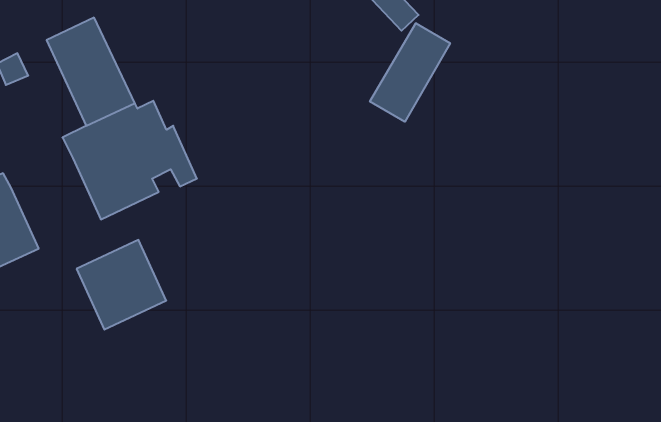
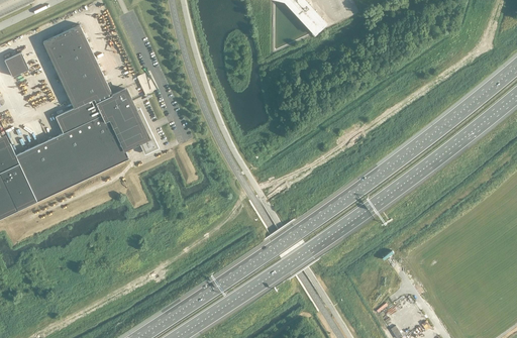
building: [370,23,450,122] -> none
building: [77,240,166,330] -> [15,133,84,202]

